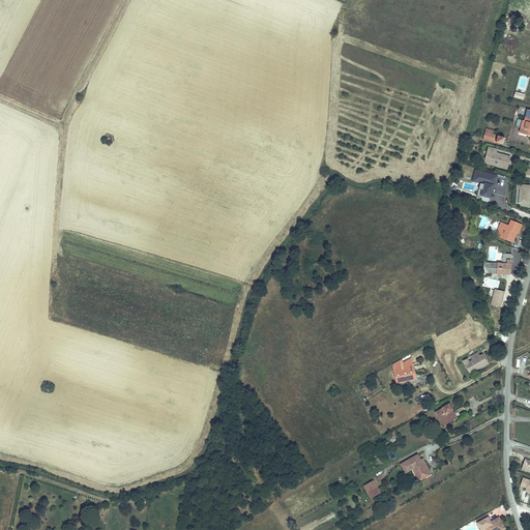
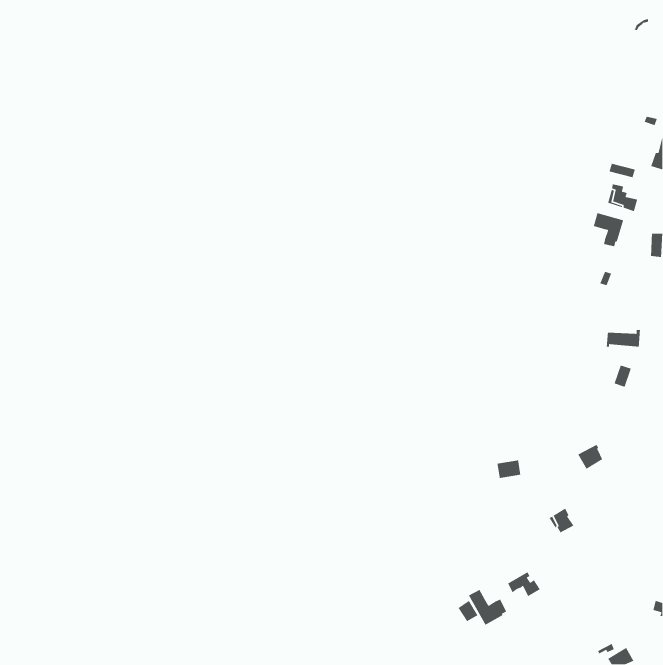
building: [494,218,522,242] -> none
building: none -> [468,589,507,626]

